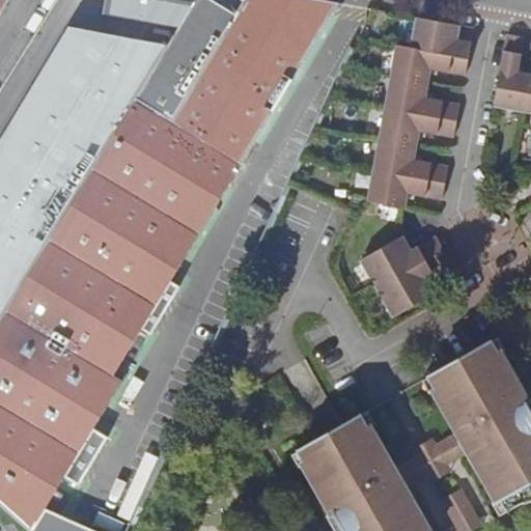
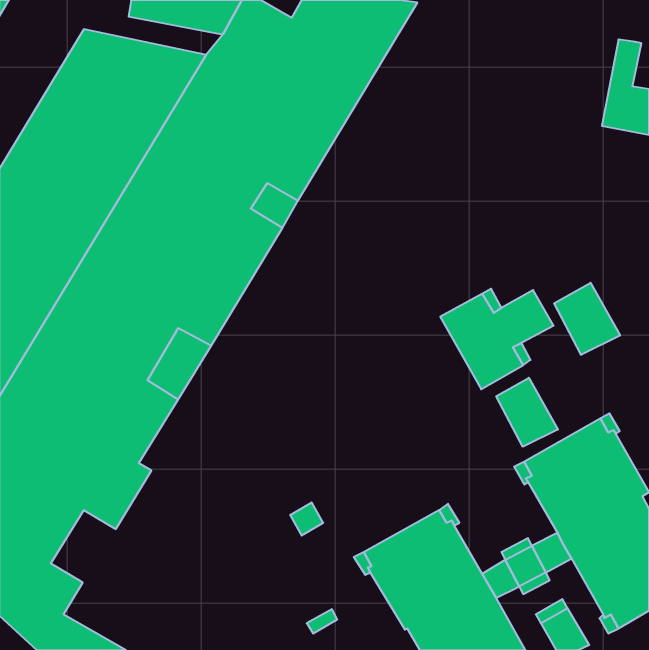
building: [366,16,471,206] -> none
building: none -> [554,283,620,355]
building: none -> [496,378,558,447]
building: [41,416,94,475] -> none

